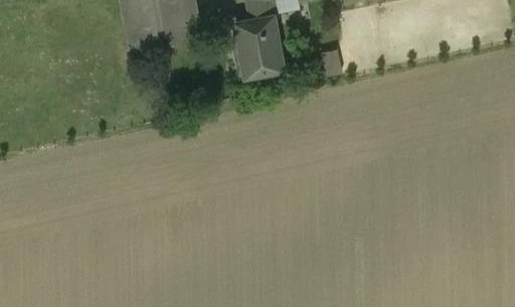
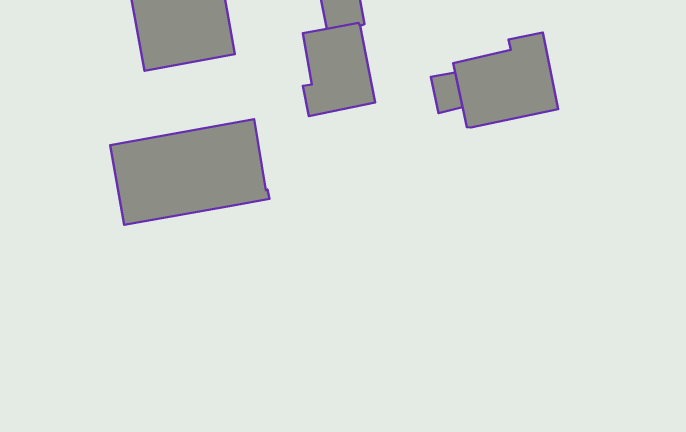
building: none -> [453,33,558,127]
building: none -> [110,119,269,225]

